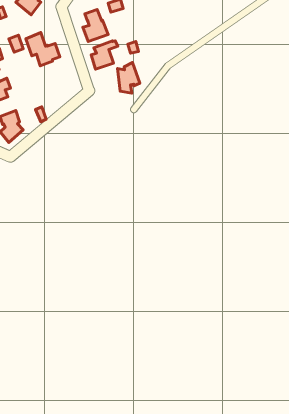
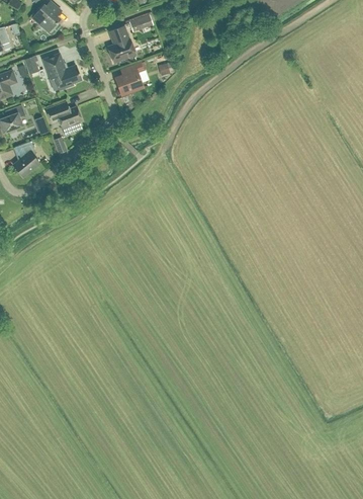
building: [118,63,140,93] -> none
building: none -> [46,102,81,133]

